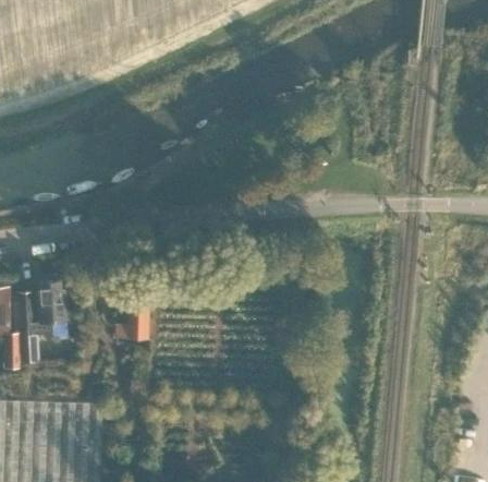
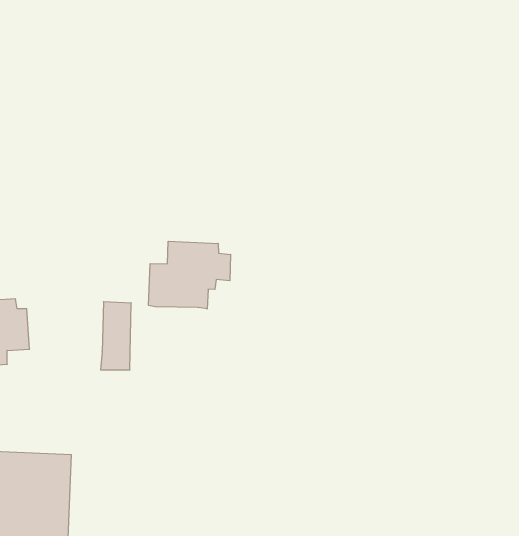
building: none -> [149,241,231,309]

